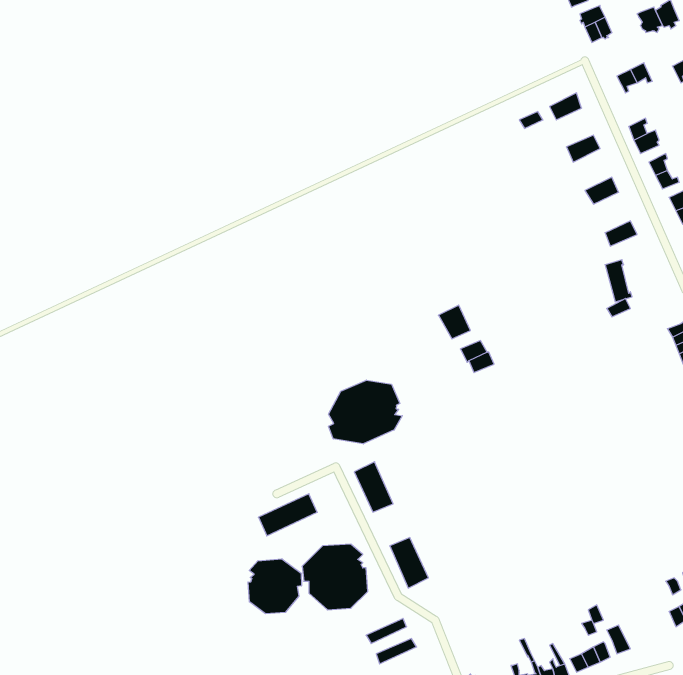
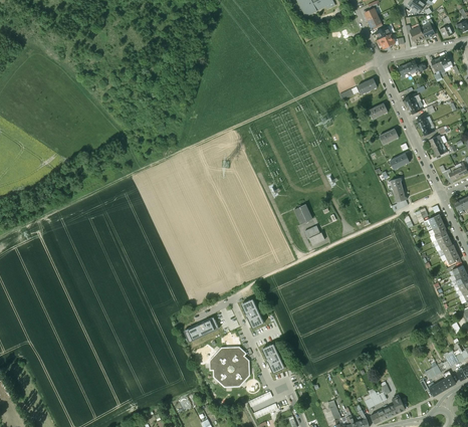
building: [328,380,402,444] -> none
building: [248,559,301,614] -> none

